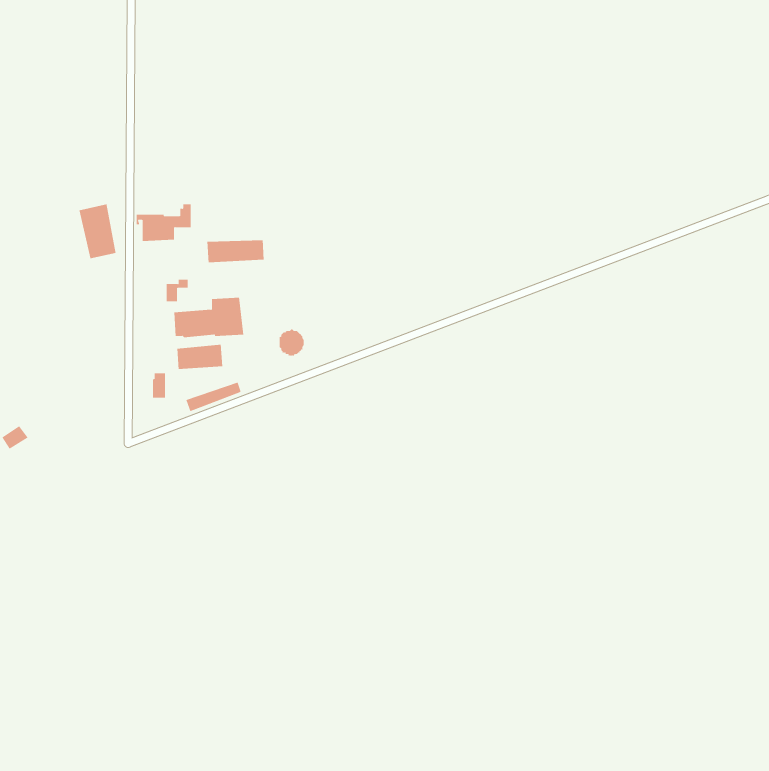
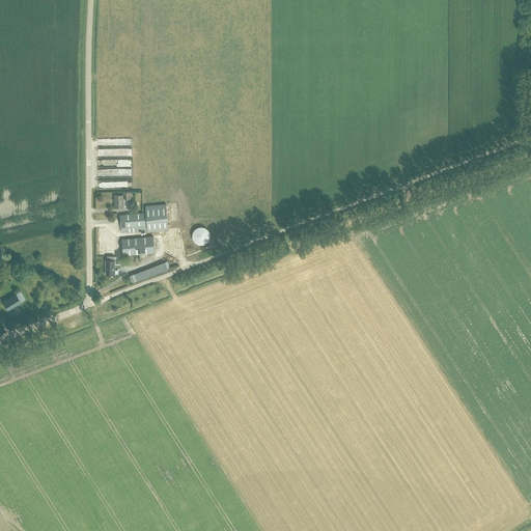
building: [79,204,116,259] -> none
building: [207,240,264,263] -> none

